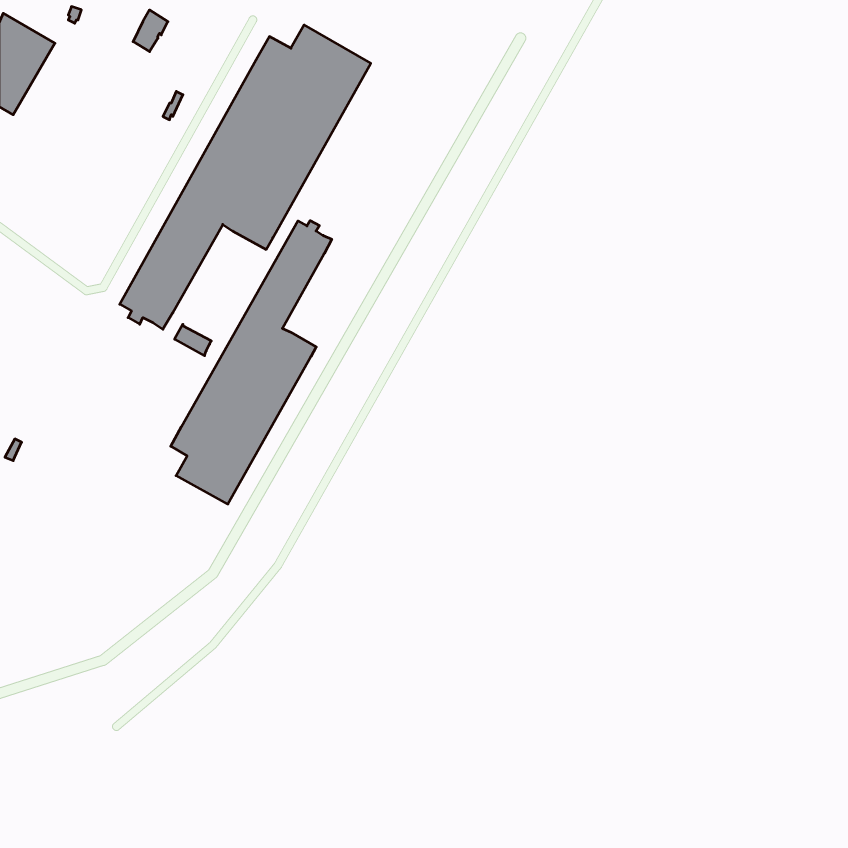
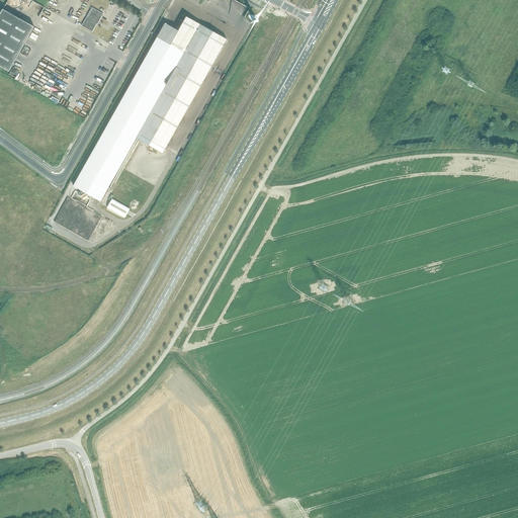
building: [171,221,332,504] -> none

